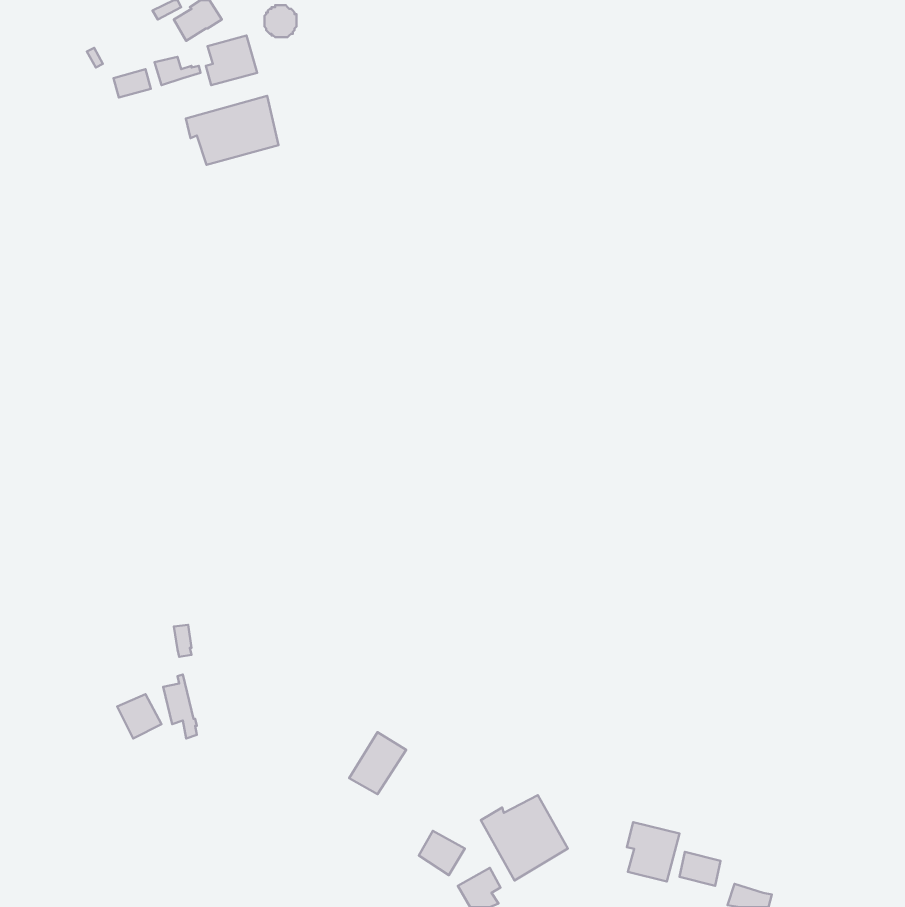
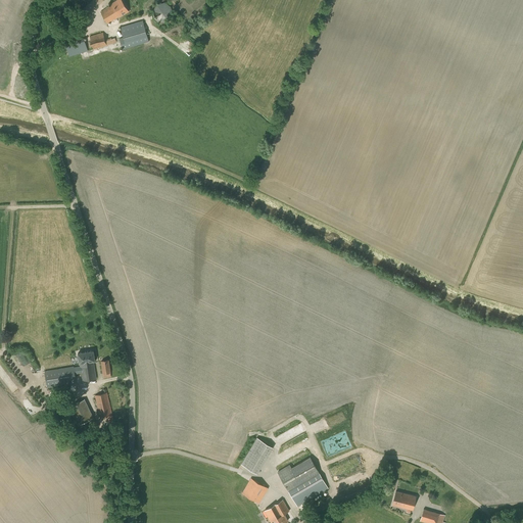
building: [186,96,279,165] -> none
building: none -> [55,350,96,386]
building: [349,732,406,794] -> [240,437,273,473]
building: [627,822,679,882] -> none

